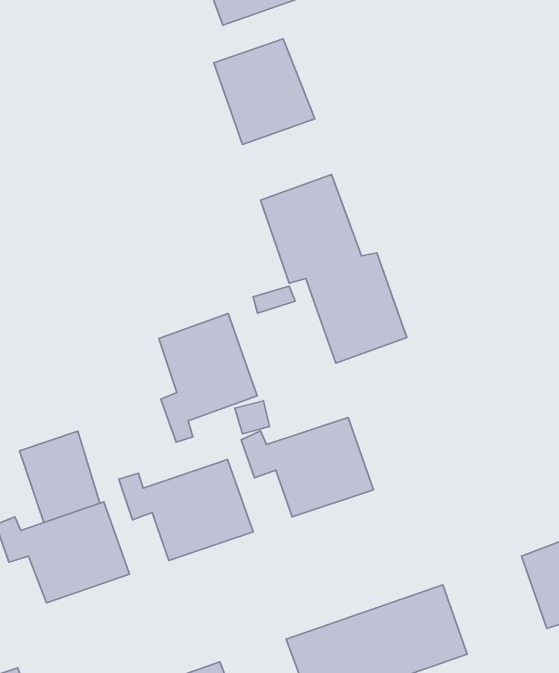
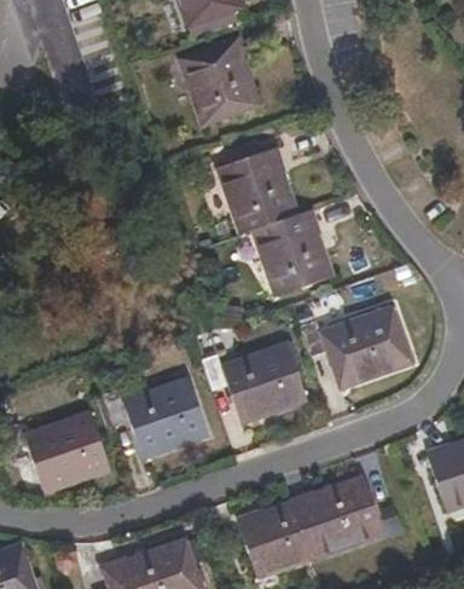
building: [159,314,257,442] -> none
building: none -> [301,305,413,387]
building: [19,431,100,523] -> none

